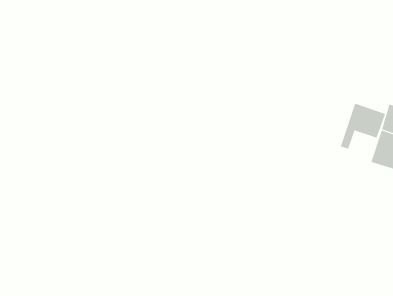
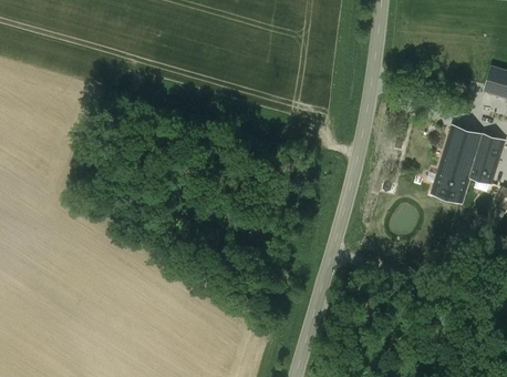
building: [340,103,386,150] -> none

